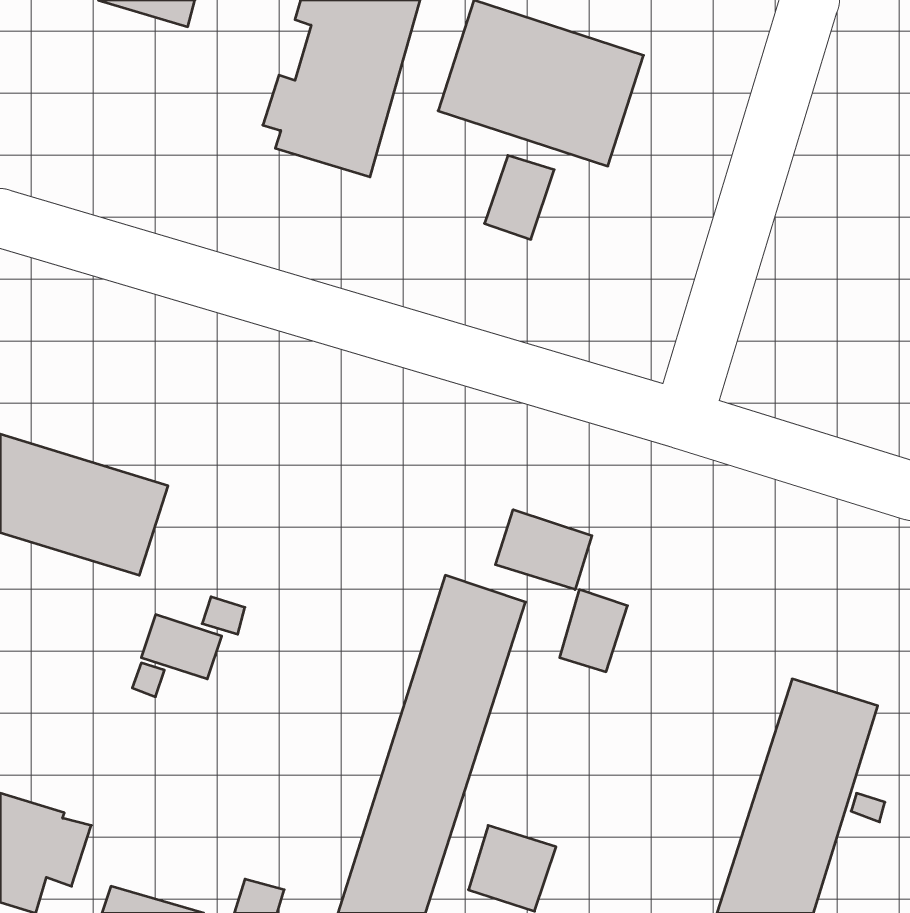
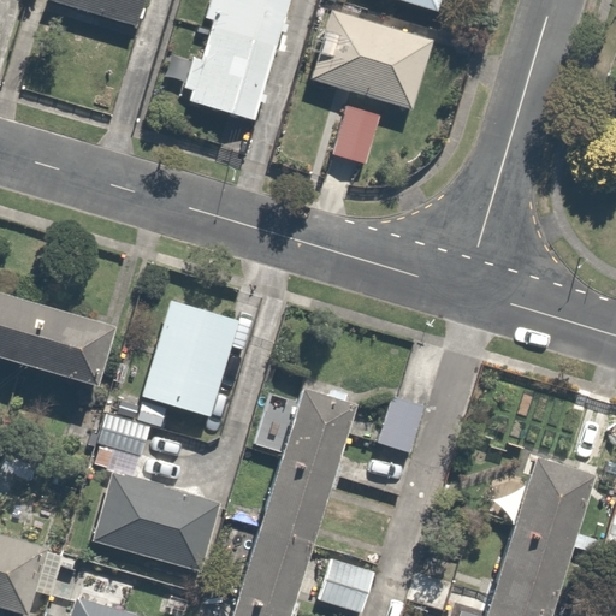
building: none -> [142,301,239,417]
building: [495,510,592,590] -> none
building: none -> [93,473,223,573]

